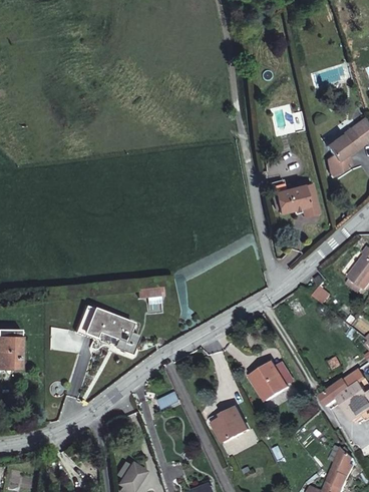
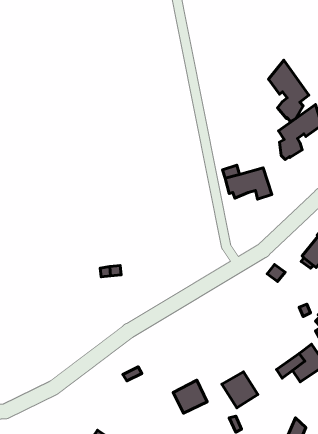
building: none -> [269,60,309,121]
building: [75,306,136,351] -> none
building: [252,362,290,400] -> [222,372,258,408]

